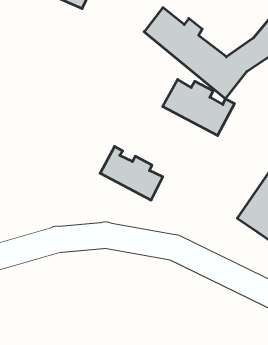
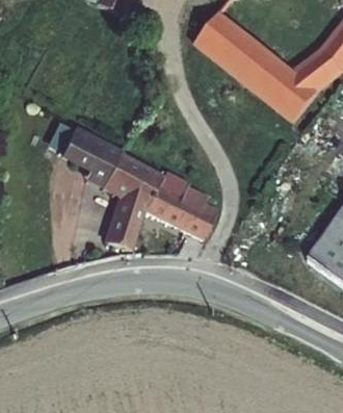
building: [163,79,234,136] -> none
building: none -> [59,123,162,249]

